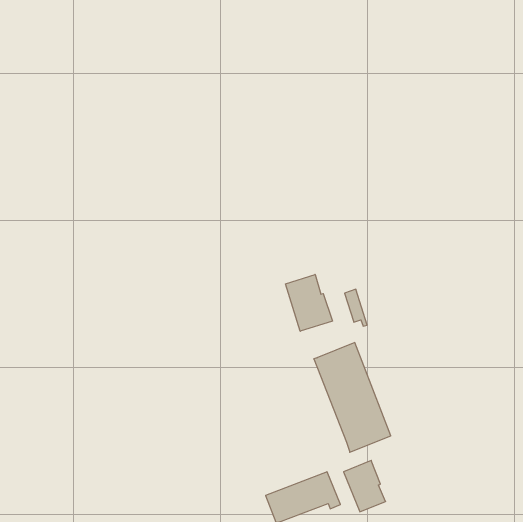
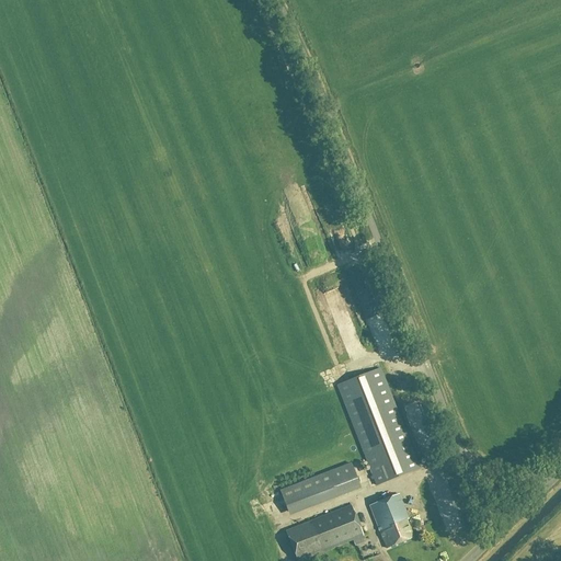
building: [286,274,332,331] -> none
building: none -> [283,471,362,512]

